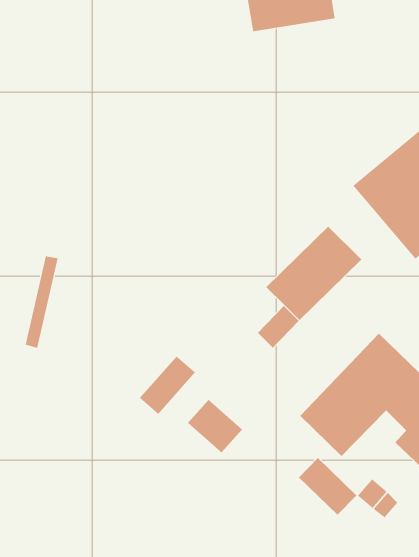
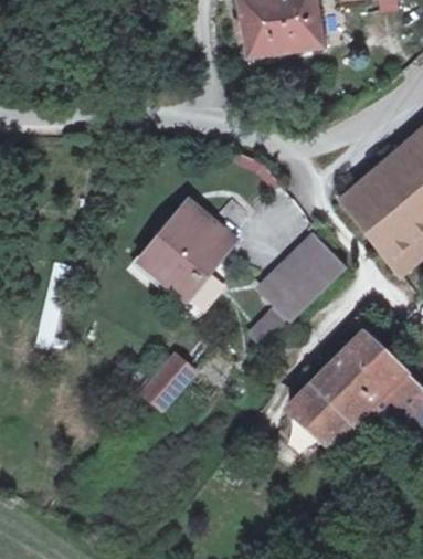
building: none -> [140,203,232,297]
building: [187,399,243,453] -> none
building: [298,457,357,516] -> none

